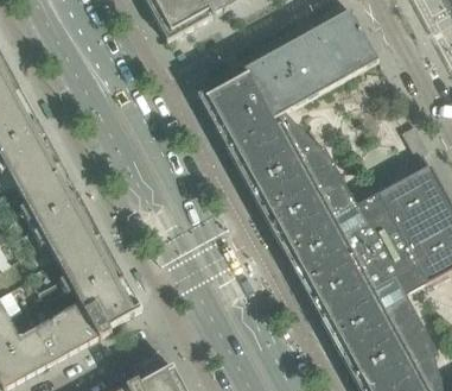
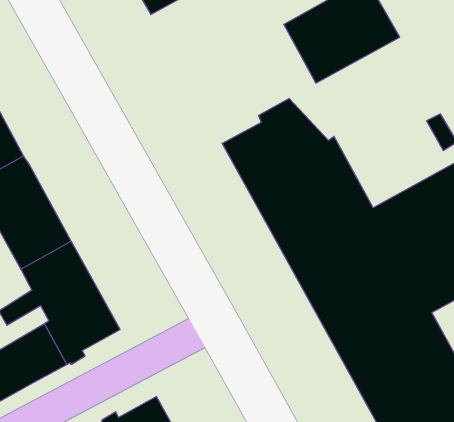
building: [197,48,307,149] -> none

